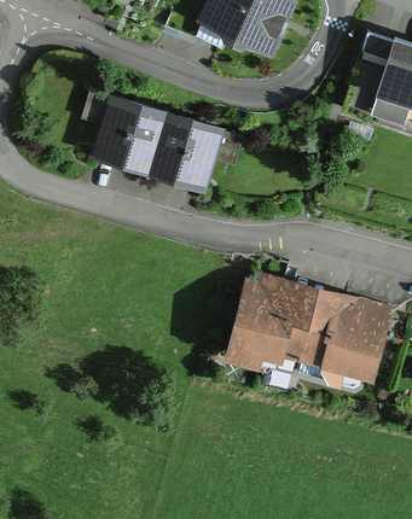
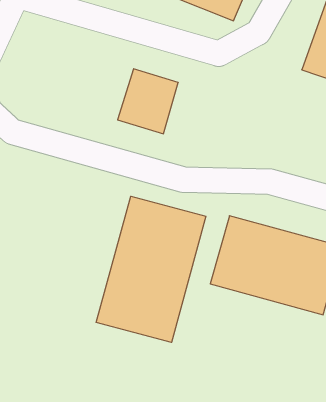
building: [85,95,155,169] -> none
building: none -> [96,196,206,342]

